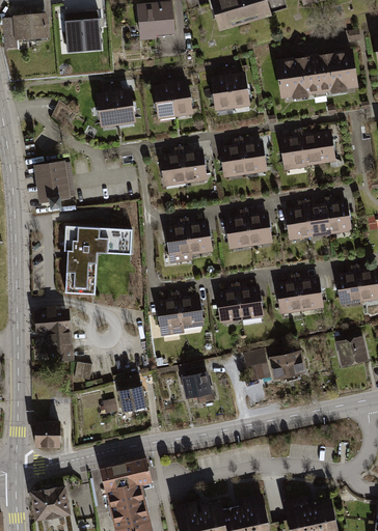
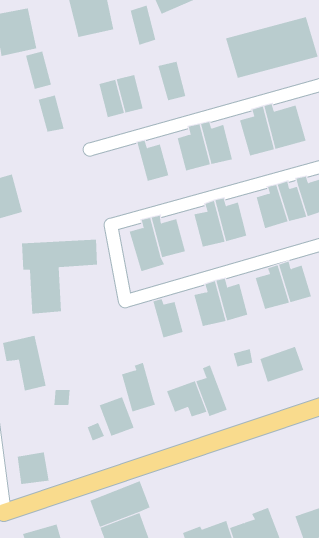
building: [228,74,249,110] -> [130,5,156,46]
building: [113,91,134,125] -> [25,51,52,89]
building: [161,146,187,187] -> none
building: [156,294,184,338] -> [121,362,156,412]
building: none -> [196,364,228,417]

